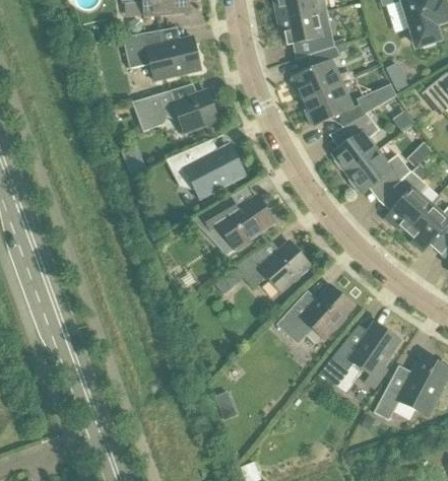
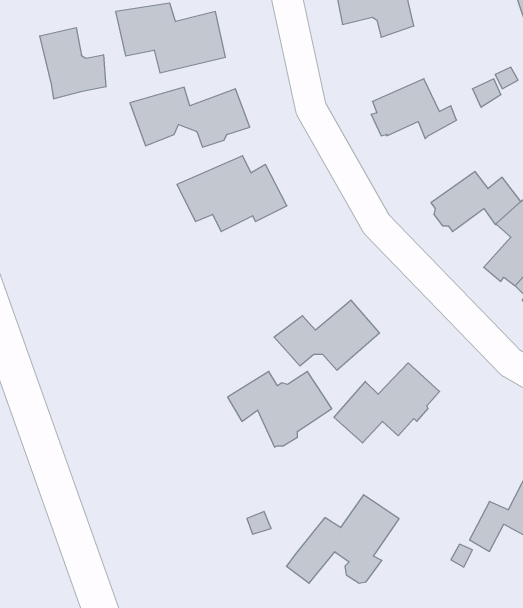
building: [292,47,342,100] -> none
building: none -> [40,28,106,99]
building: [332,113,380,173] -> none
building: [201,196,275,250] -> [228,371,332,447]
building: [320,323,400,386] -> [286,495,399,583]

